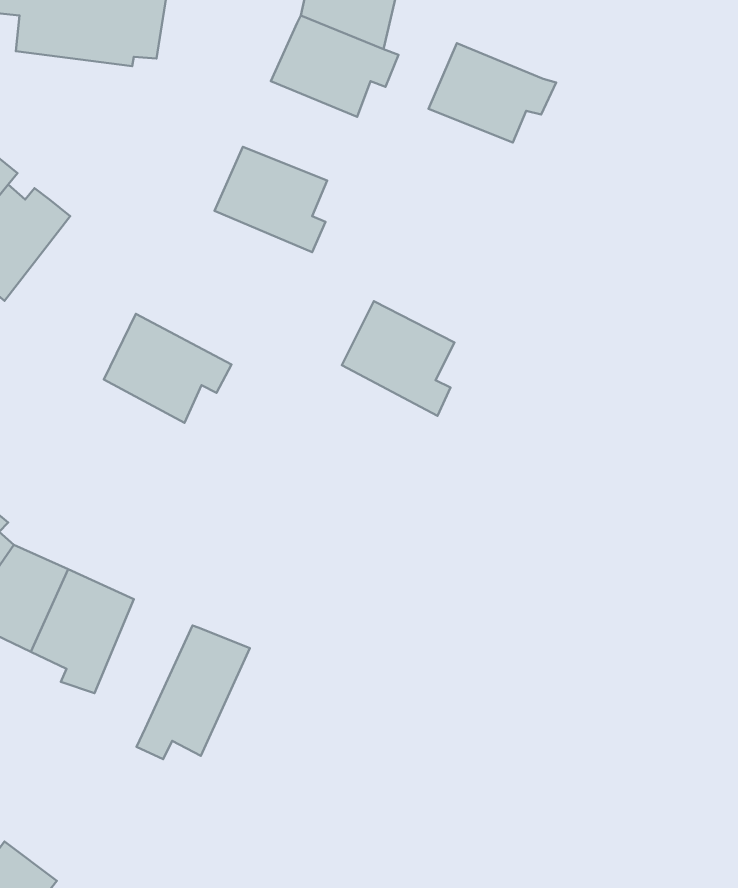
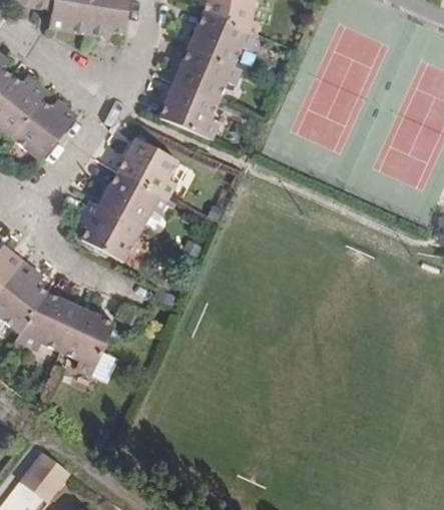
building: [429,43,556,143] -> [172,45,241,98]
building: [342,301,454,416] -> [115,135,175,196]
building: none -> [79,200,141,262]
building: [136,626,250,759] -> none

